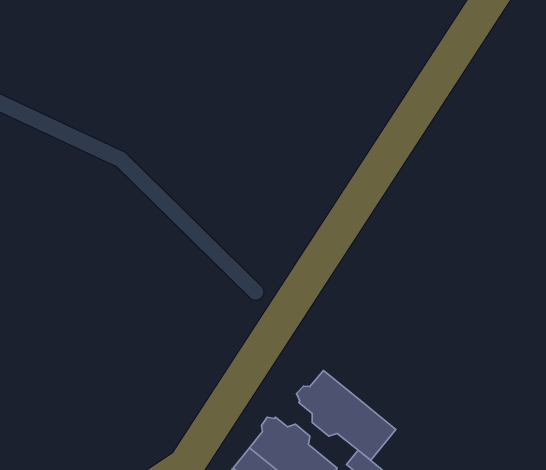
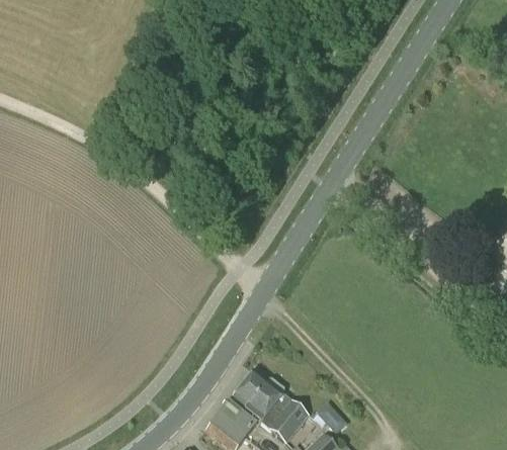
building: [296,371,396,460] -> none

